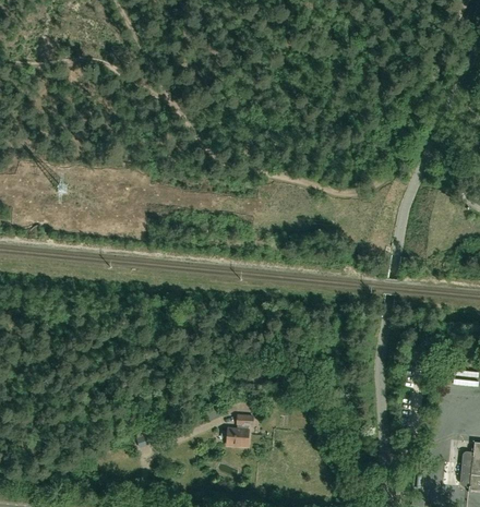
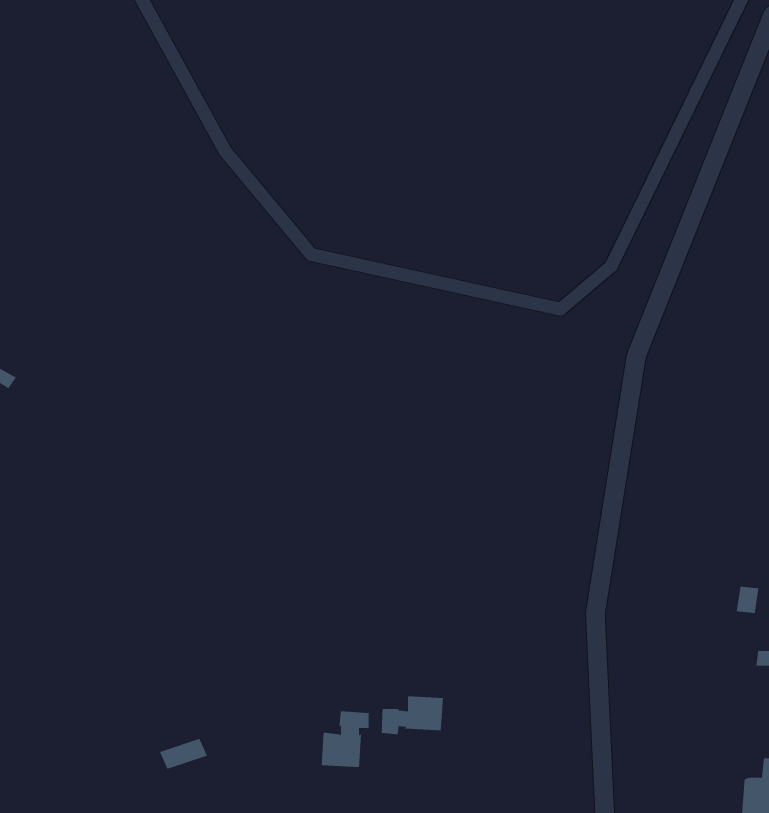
building: none -> [381,695,444,735]

